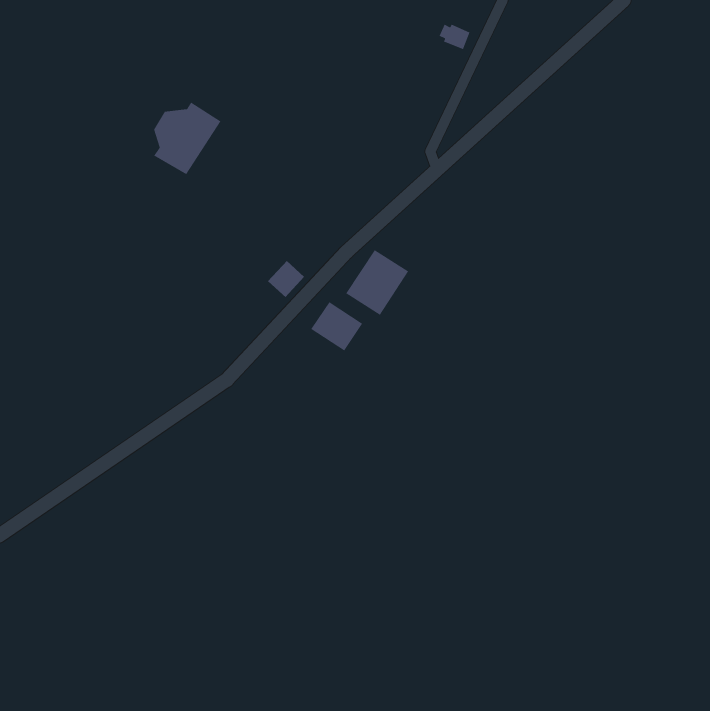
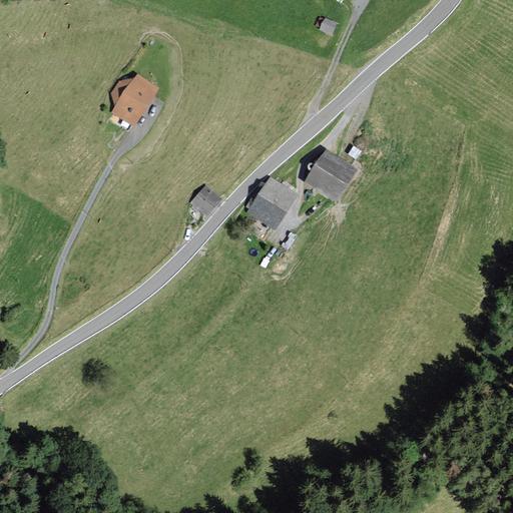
building: none -> [308,151,355,199]
building: [310,301,363,352] -> none

